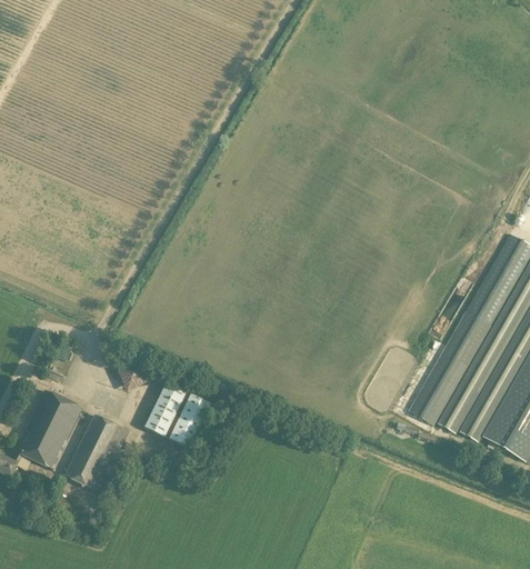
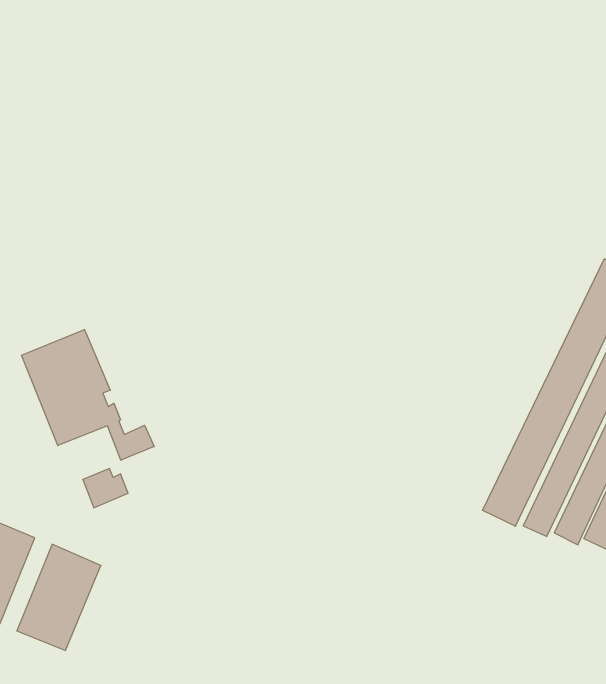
building: none -> [21,329,154,460]
building: [146,381,211,448] -> none

